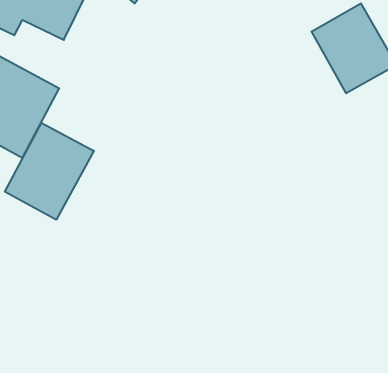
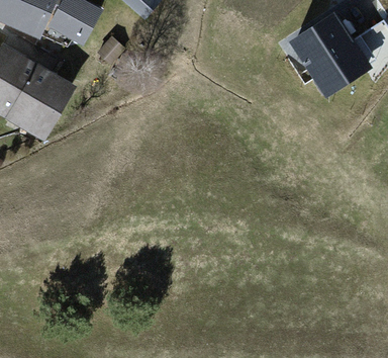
building: [5,123,94,220] -> none

